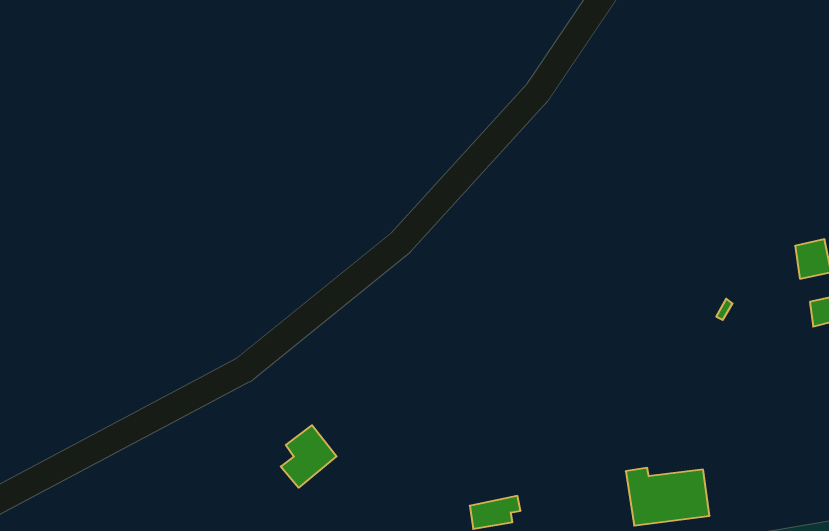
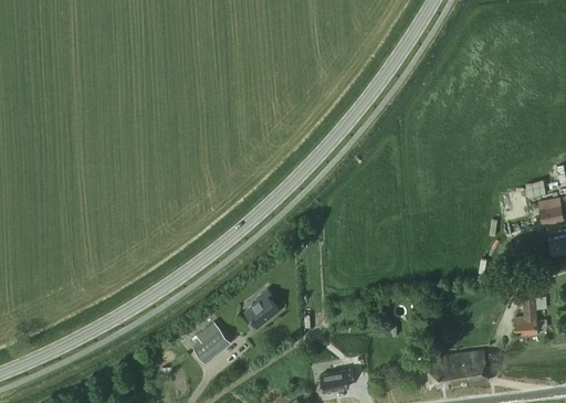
building: none -> [247,289,280,326]
building: none -> [515,296,538,335]

